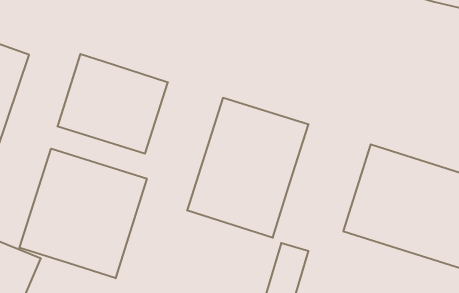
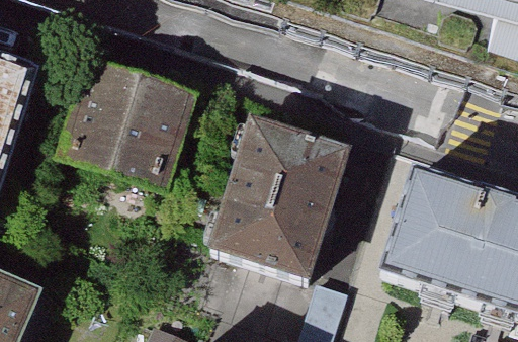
building: [19,149,147,278] -> none

